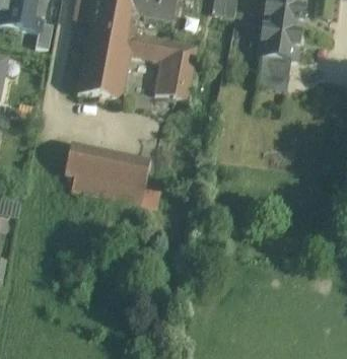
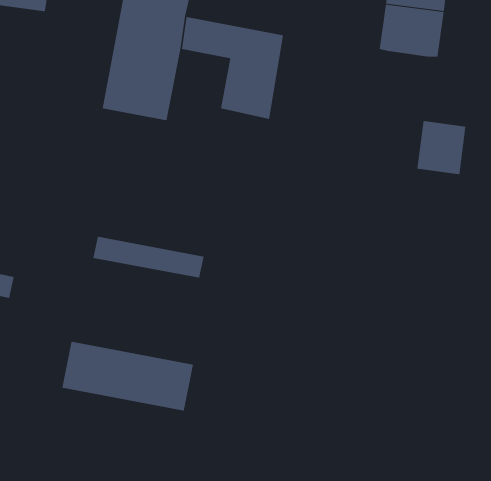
building: [258,55,290,90] -> [416,120,466,175]
building: [64,143,150,189] -> [61,341,194,411]

